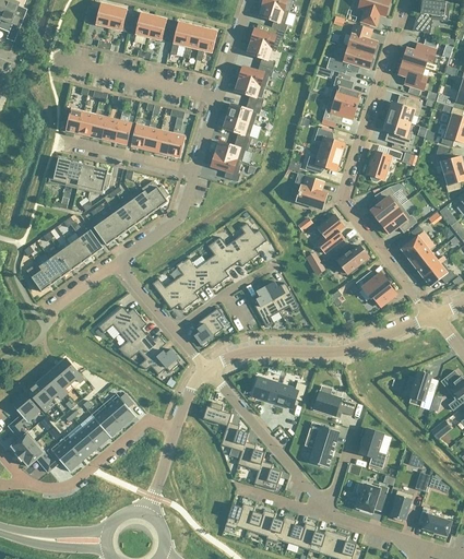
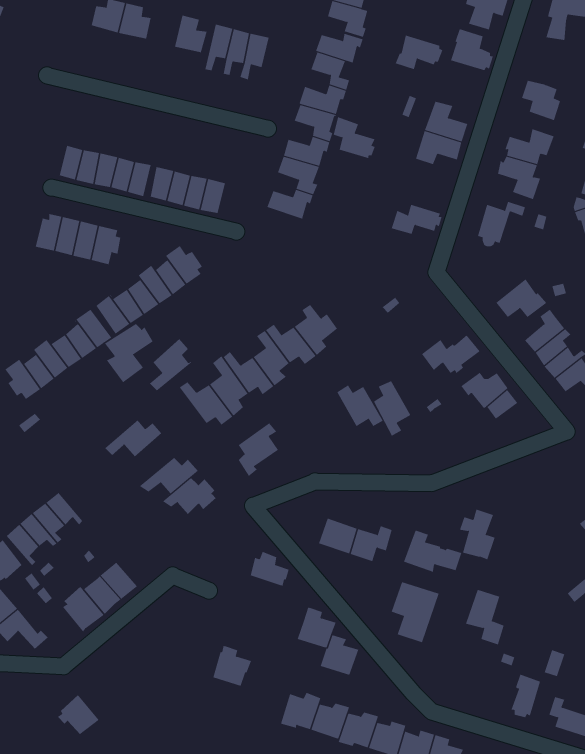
building: [129,12,154,37] -> none
building: [403,43,437,68] -> none
building: [340,47,374,72] -> [395,35,443,70]
building: [314,127,345,157] -> [333,117,375,159]
building: [211,153,241,181] -> none
building: [297,176,326,209] -> none
building: [371,187,402,222] -> none
building: [314,213,345,253] -> none
building: none -> [104,323,153,383]
building: [252,286,279,326] -> [373,380,411,436]
building: [118,316,148,354] -> [149,338,192,391]
building: [406,371,432,408] -> [459,509,495,560]
building: [107,393,134,426] -> none
building: [221,421,249,451] -> [212,646,252,687]
building: [52,441,83,471] -> [57,694,99,735]
building: [357,484,388,512] -> none

